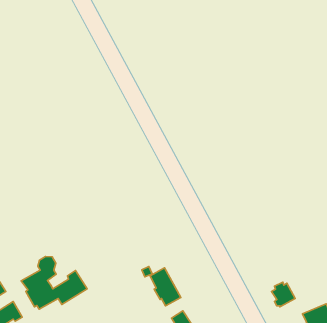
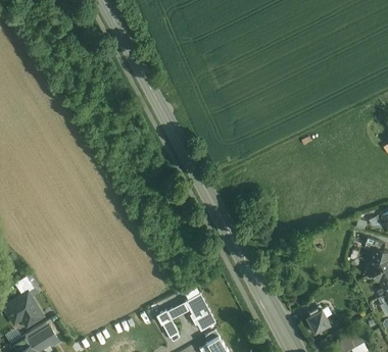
building: [21,256,87,309] -> none
building: none -> [156,308,179,341]

